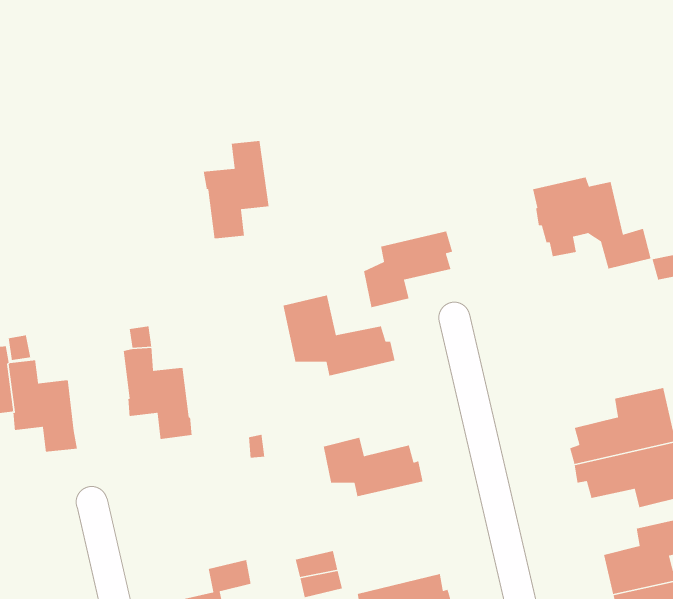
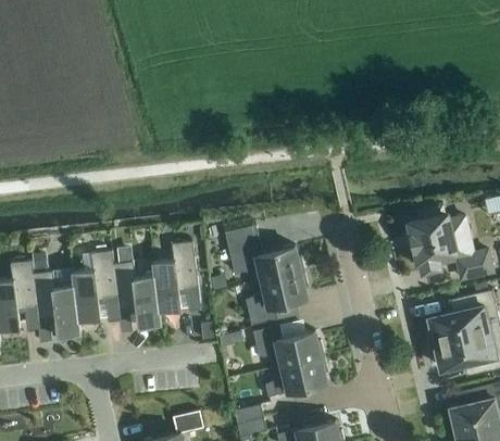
building: [203,140,270,239] -> [151,242,198,312]
building: [532,177,651,270] -> [408,215,491,280]
building: [363,231,453,308] -> [245,273,308,327]
building: none -> [71,252,116,322]
building: none -> [264,357,327,399]

